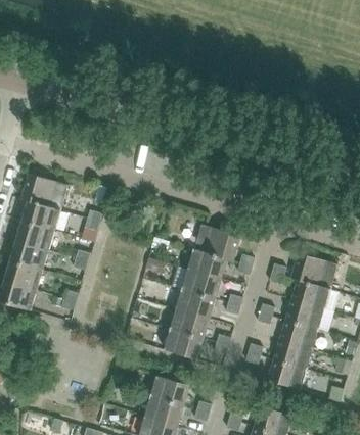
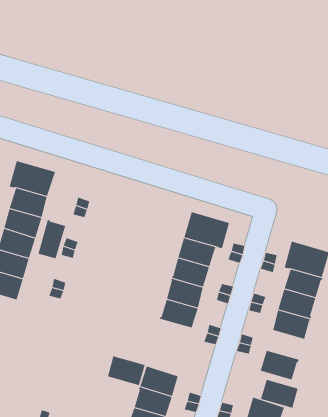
building: none -> [38,219,66,259]
building: [164,330,201,359] -> [107,356,146,386]
building: [274,341,312,370] -> [260,379,299,408]

